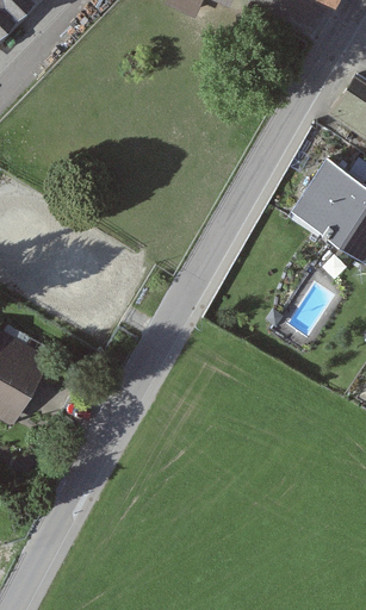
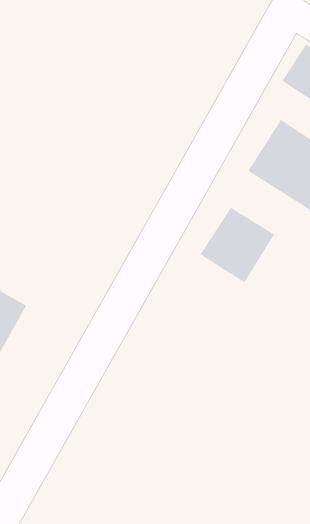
building: none -> [200,207,275,283]

